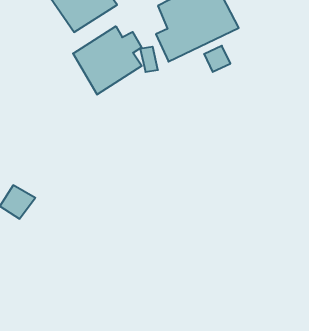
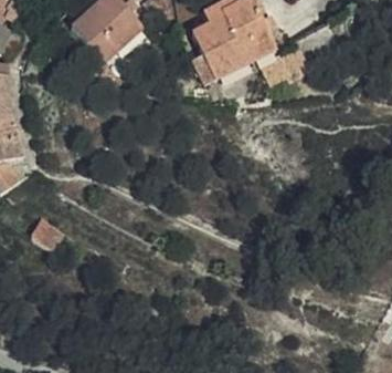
building: [73,26,142,95] -> none

